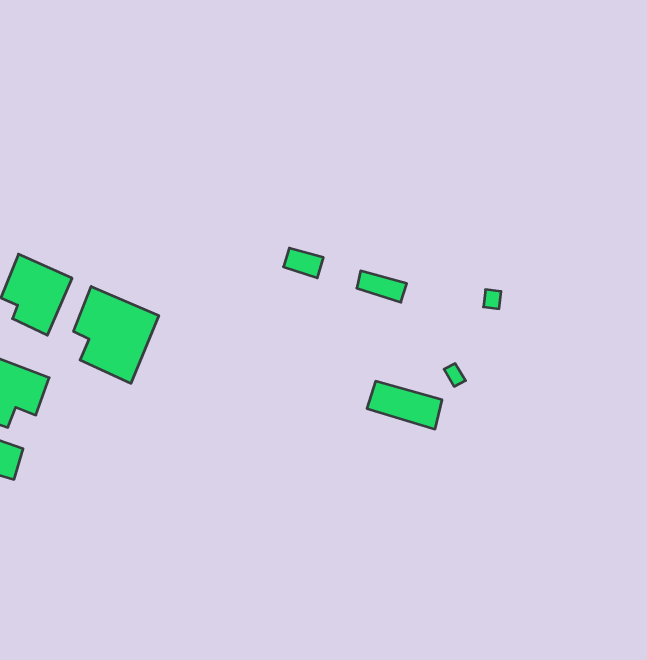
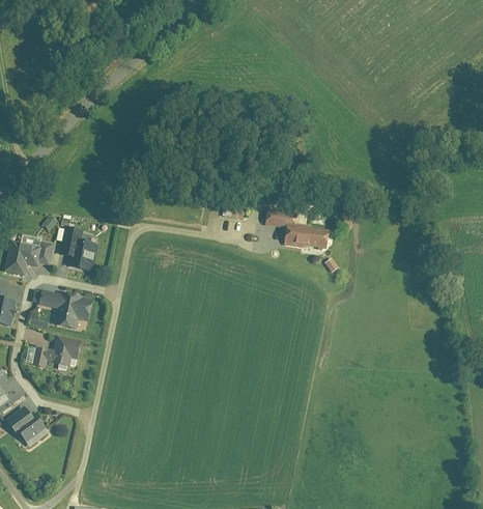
building: [74,286,159,383] -> none
building: [367,381,442,429] -> [284,227,328,251]

